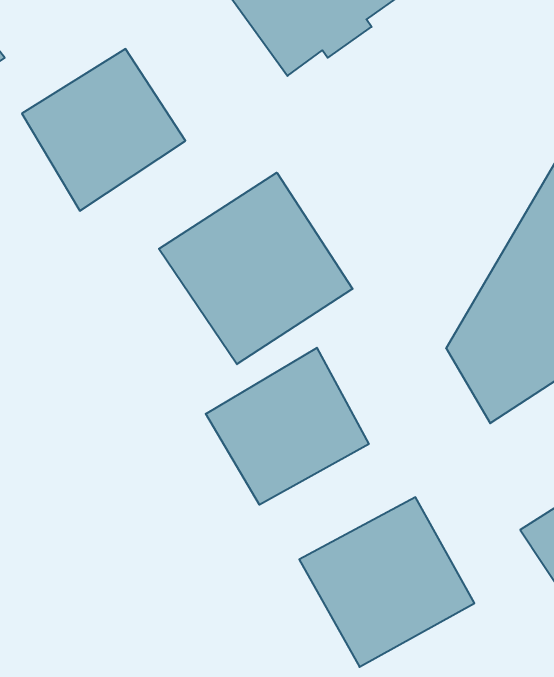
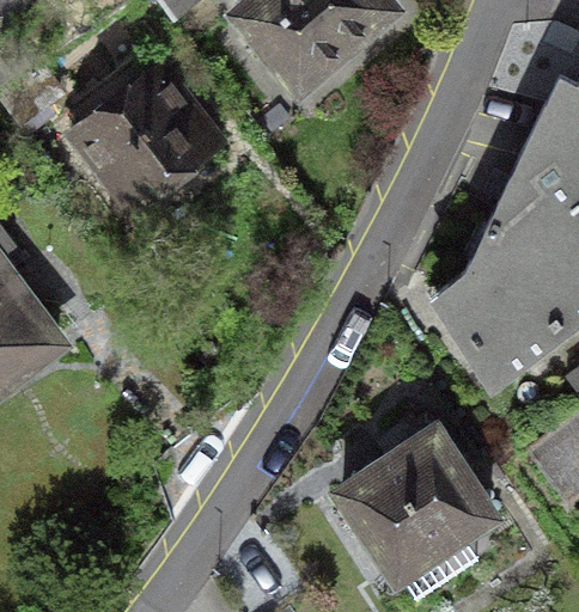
building: [159,173,353,364] -> none
building: [206,348,369,505] -> none

